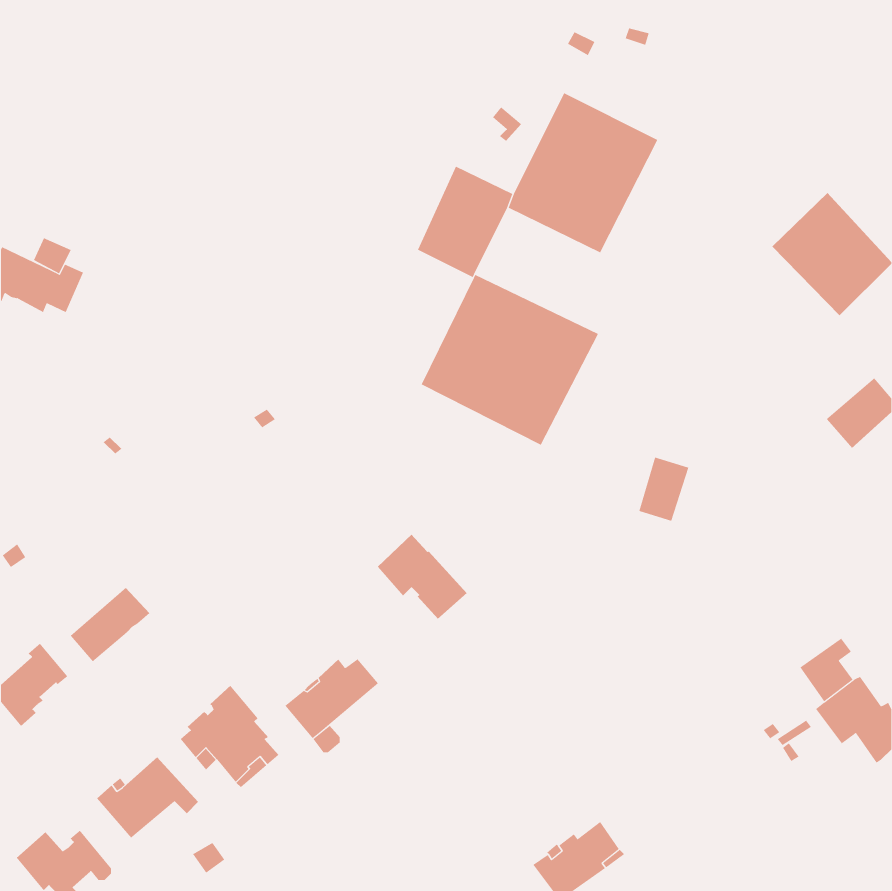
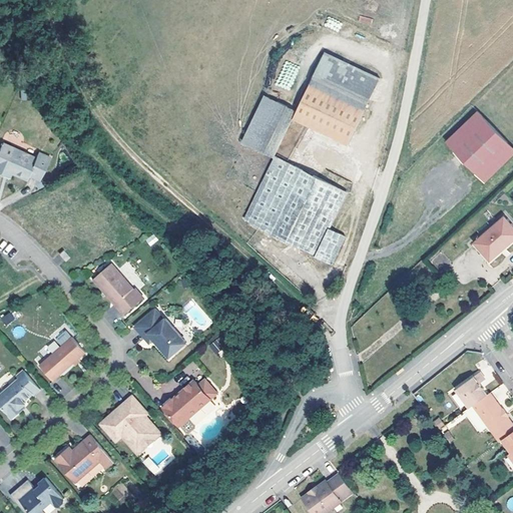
building: [639,457,689,522] -> [316,229,345,267]
building: none -> [92,264,142,315]
building: [377,534,467,619] -> [134,308,186,357]

